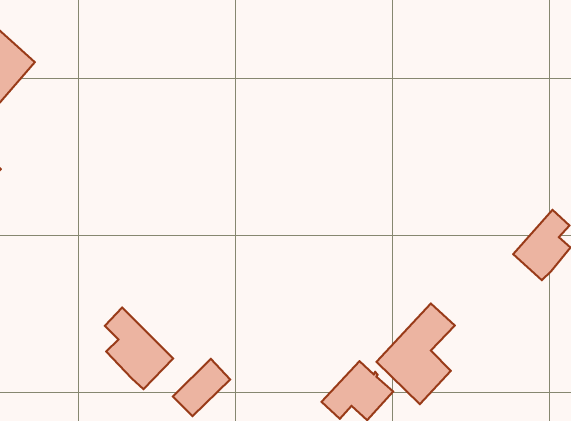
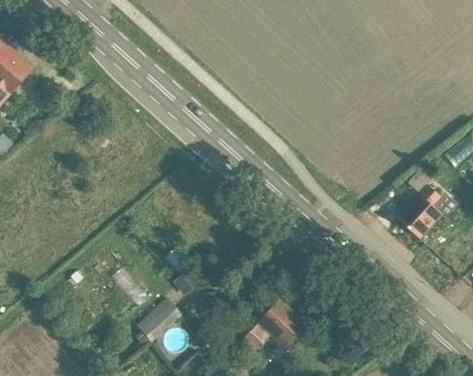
building: [376,303,455,404] -> none
building: [105,308,173,389] -> none

